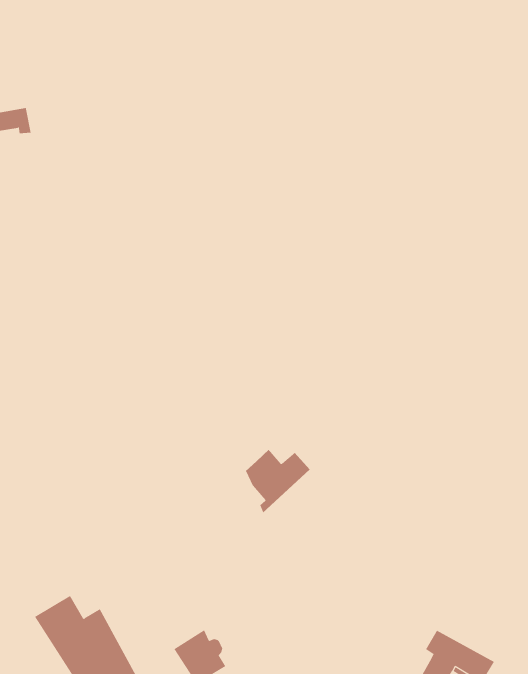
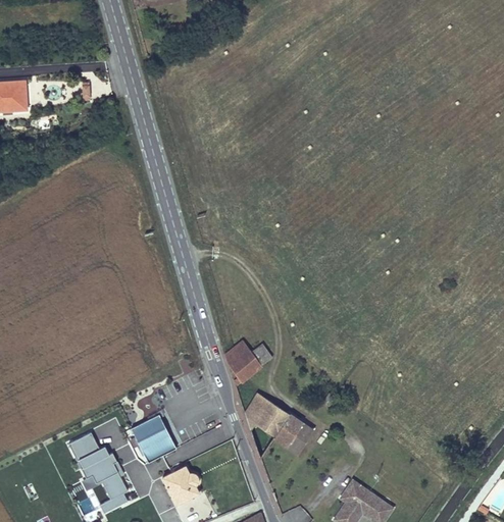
building: none -> [245,392,313,453]
building: none -> [131,415,177,463]

